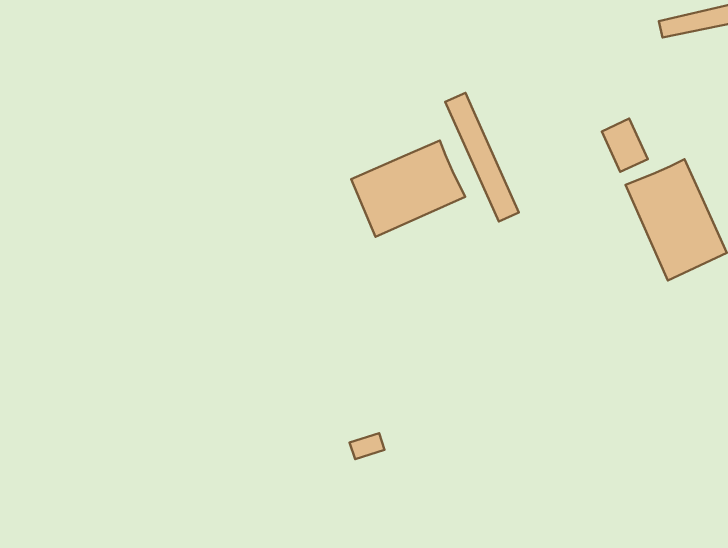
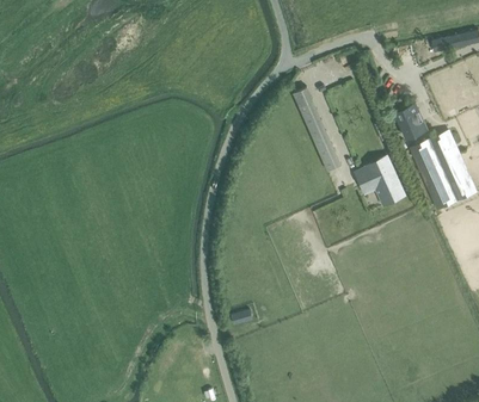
building: [351,140,465,237] -> none
building: none -> [356,155,406,204]

